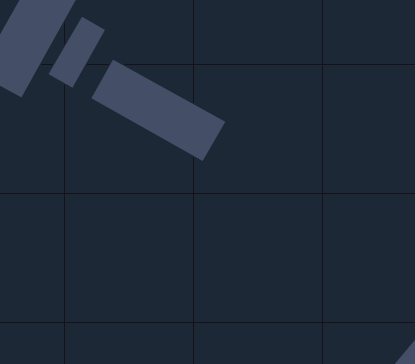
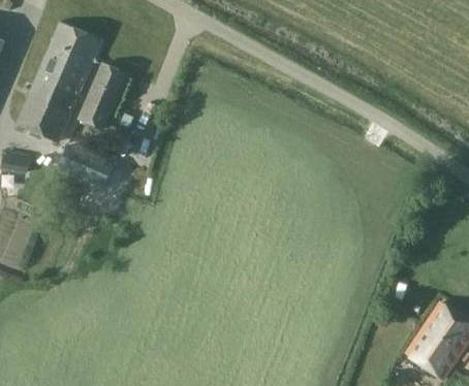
building: [90,59,226,162] -> none

